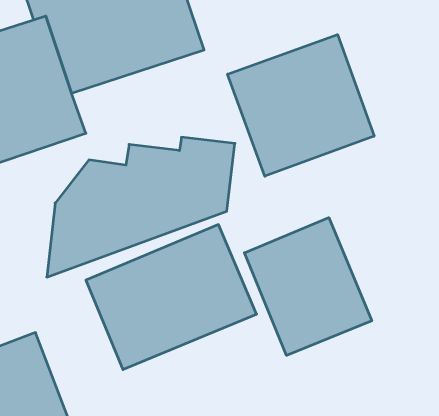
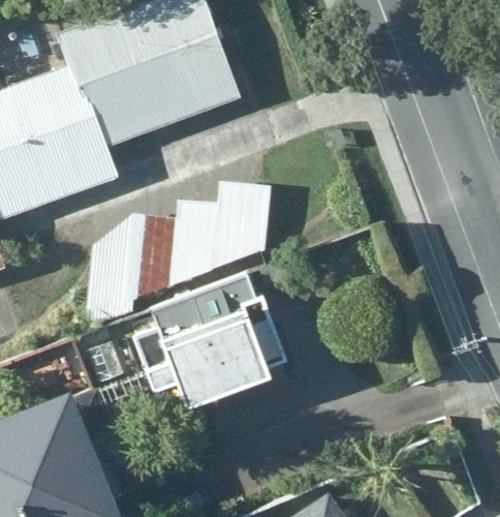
building: [228,35,374,176] -> none
building: [244,218,372,355] -> none

